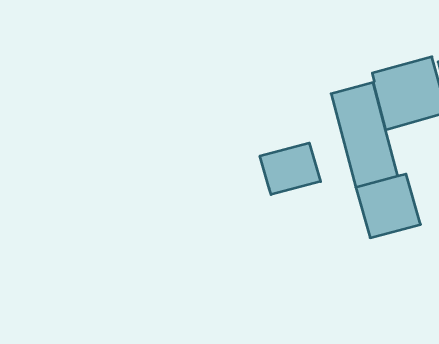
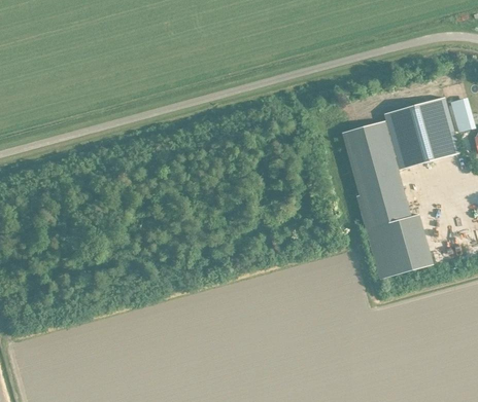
building: [260,143,321,195] -> none

